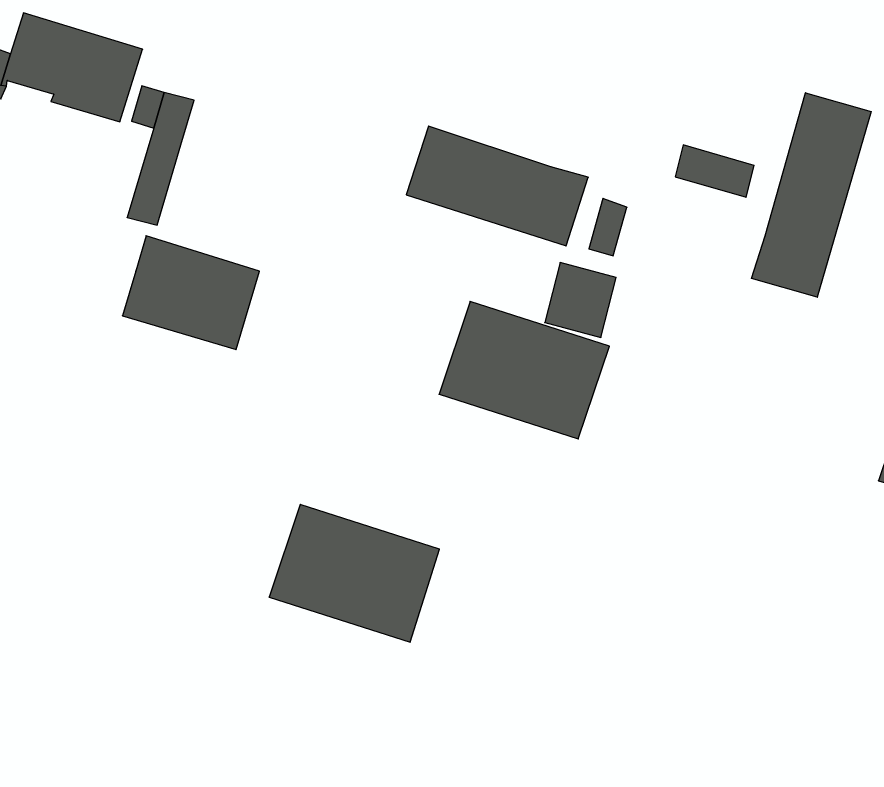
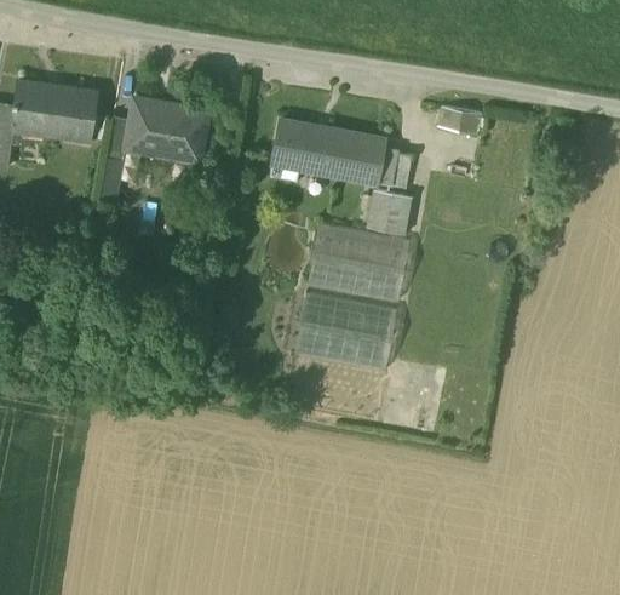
building: [752,93,871,297] -> none
building: [122,236,259,350] -> [127,97,209,161]
building: [269,504,439,642] -> [295,293,398,371]

